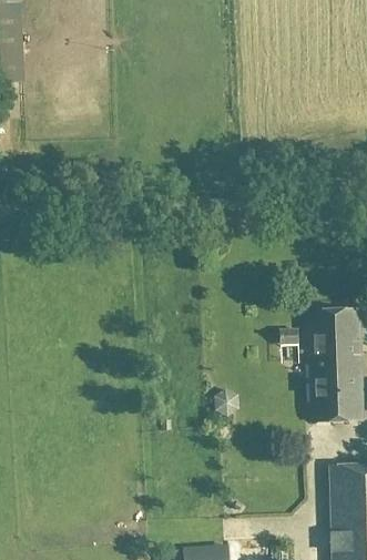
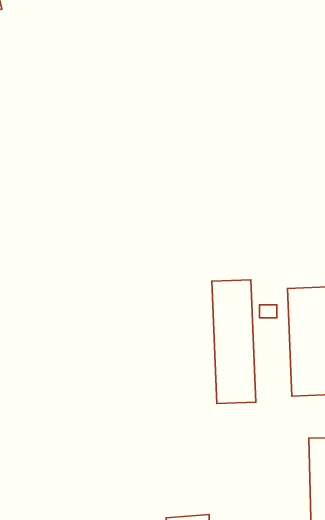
building: none -> [212,280,256,404]

